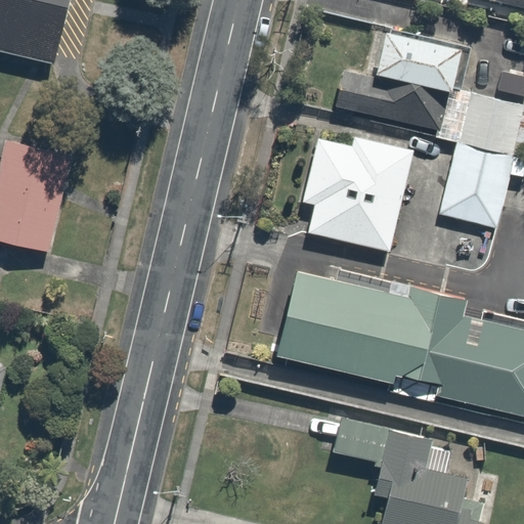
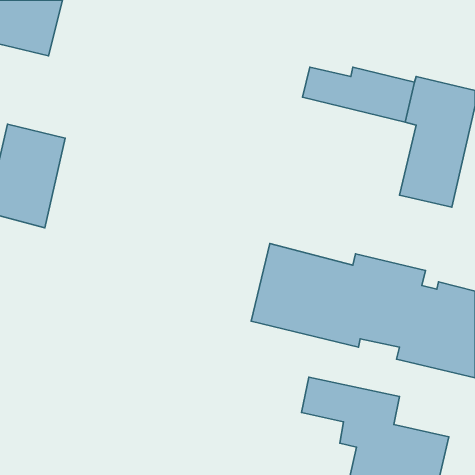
building: [380,31,465,92] -> none
building: [301,138,419,255] -> none

